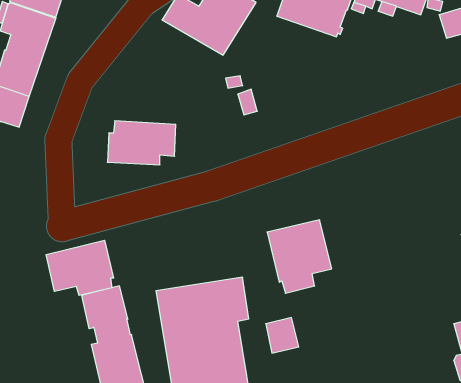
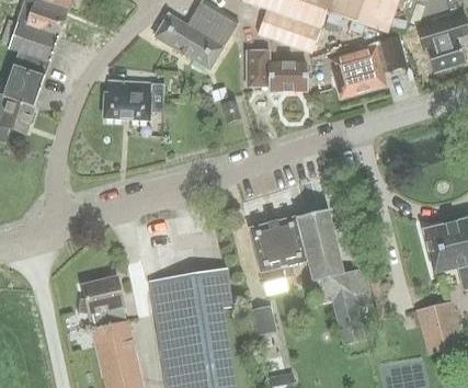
building: none -> [329,34,406,96]
building: none -> [246,49,306,89]
building: [107,121,176,165] -> [102,79,163,118]
building: none -> [295,207,370,343]
building: [46,240,114,295] -> none

